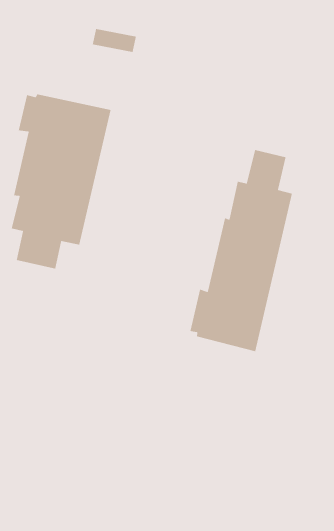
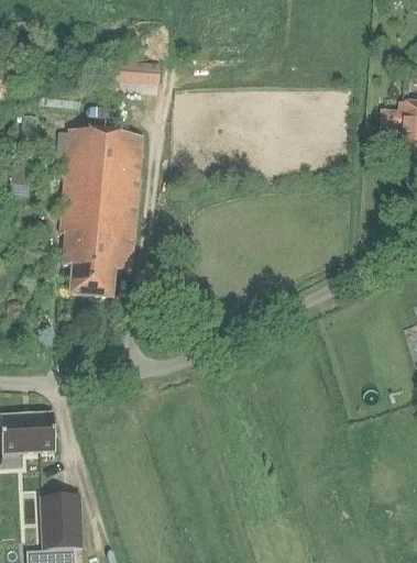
building: [189,149,293,352] -> none

